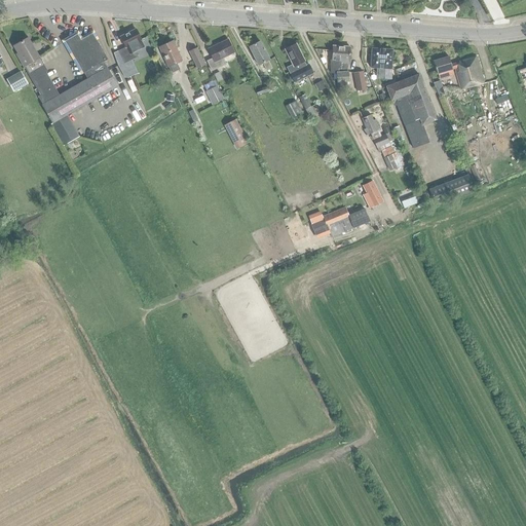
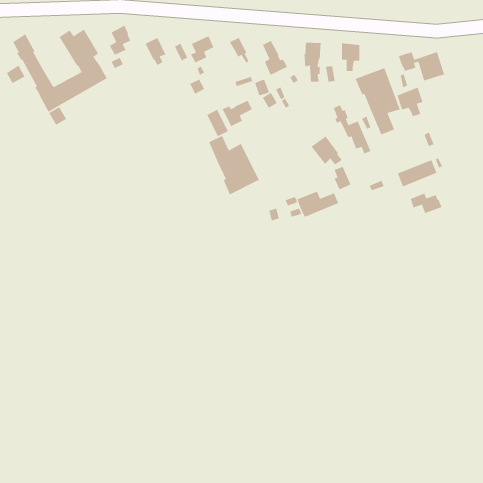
building: none -> [397,86,423,117]
building: none -> [222,100,253,127]
building: none -> [208,135,260,196]
building: none -> [311,135,343,166]
building: none -> [410,193,443,214]

